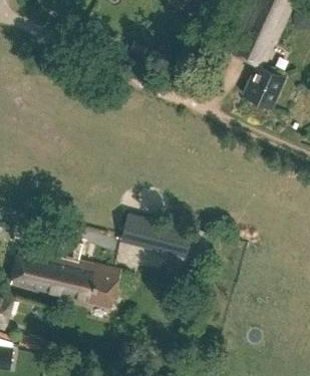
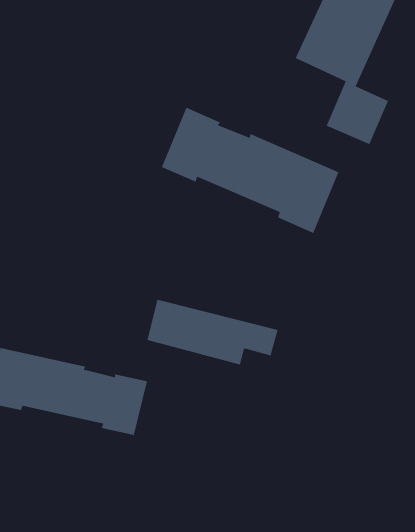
building: none -> [161,107,339,234]

